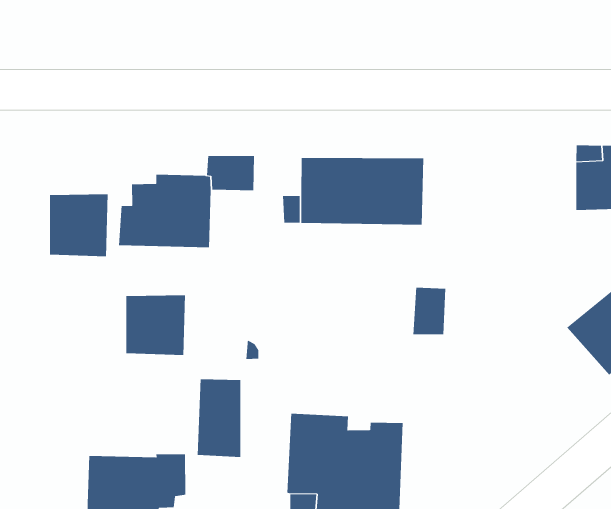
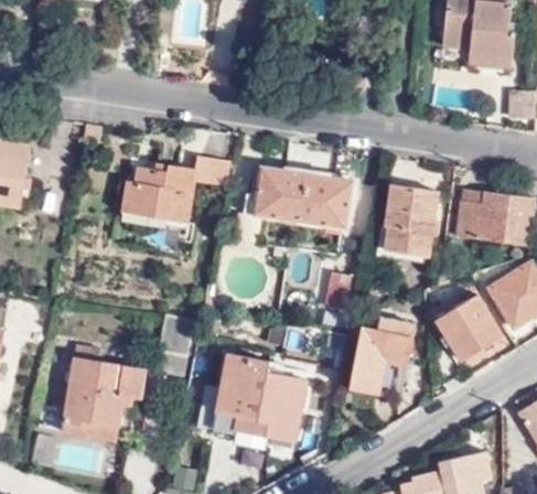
building: none -> [384,184,438,256]
building: [50,193,108,257] -> none
building: [126,295,186,356] -> none
building: none -> [350,321,414,391]

